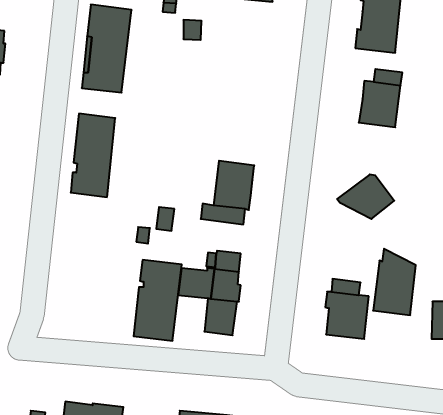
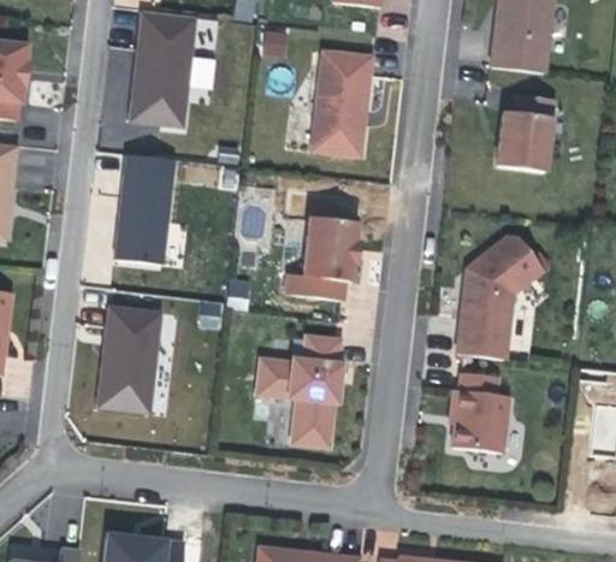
building: none -> [310,49,373,158]
building: [373,249,416,315] -> [456,272,513,360]
building: [134,260,182,341] -> [96,307,160,414]

